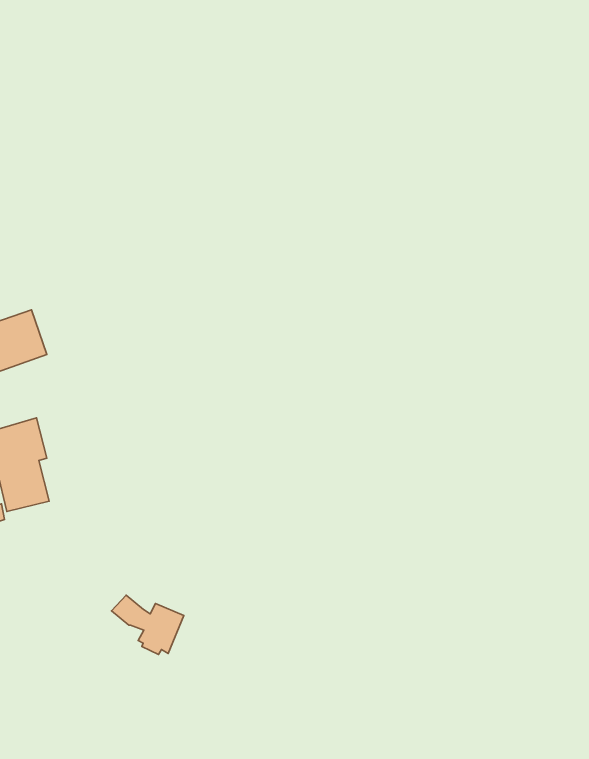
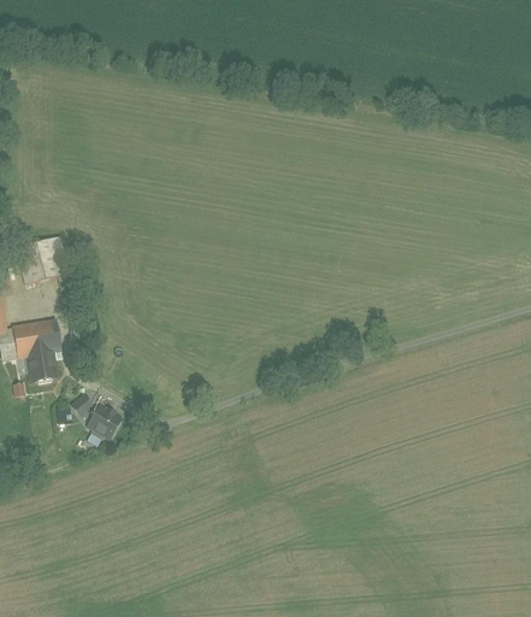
building: [112,595,184,654] -> [69,392,123,439]

